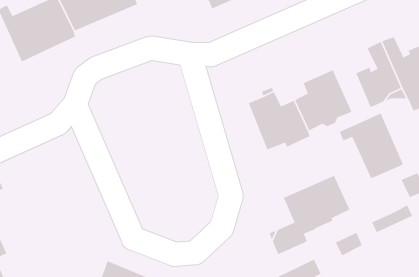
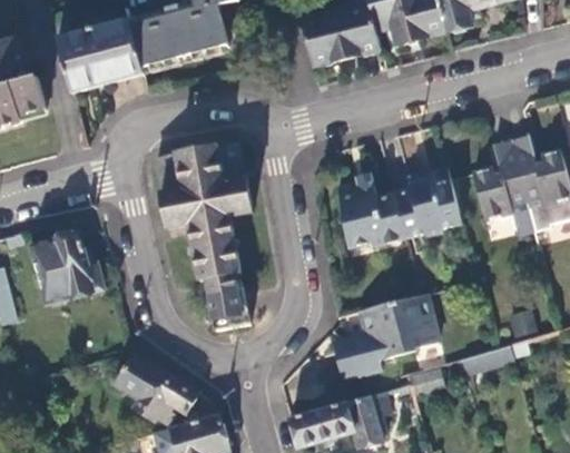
building: none -> [155,141,250,327]
building: [339,112,404,179] -> none
building: none -> [30,233,104,302]

